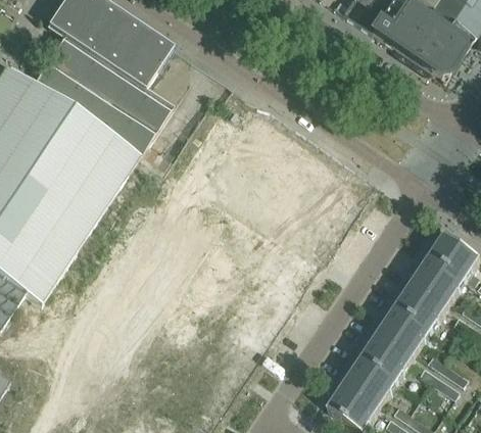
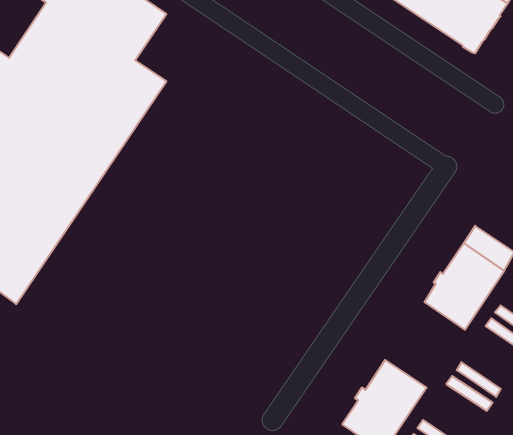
building: [366,299,436,375] -> none

